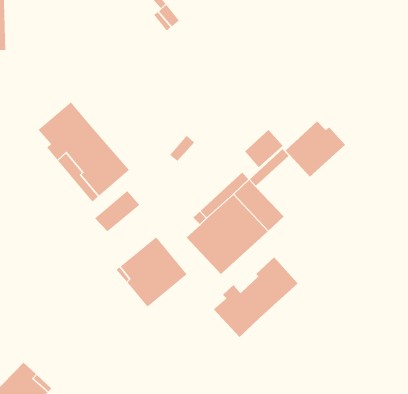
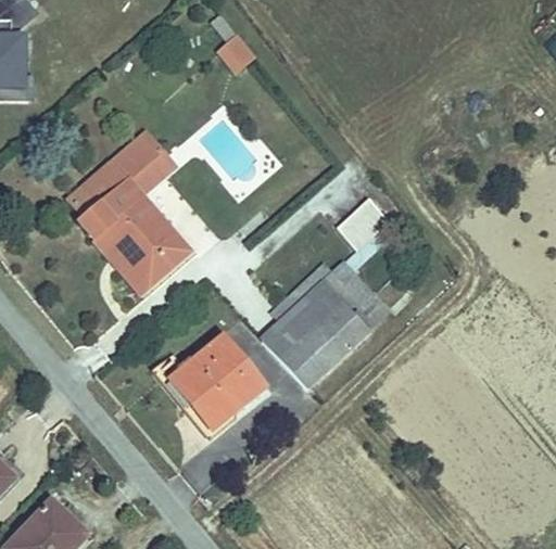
building: none -> [112,132,174,194]
building: [285,120,346,178] -> none
building: [94,190,140,232] -> none
building: [213,257,299,338] -> none

